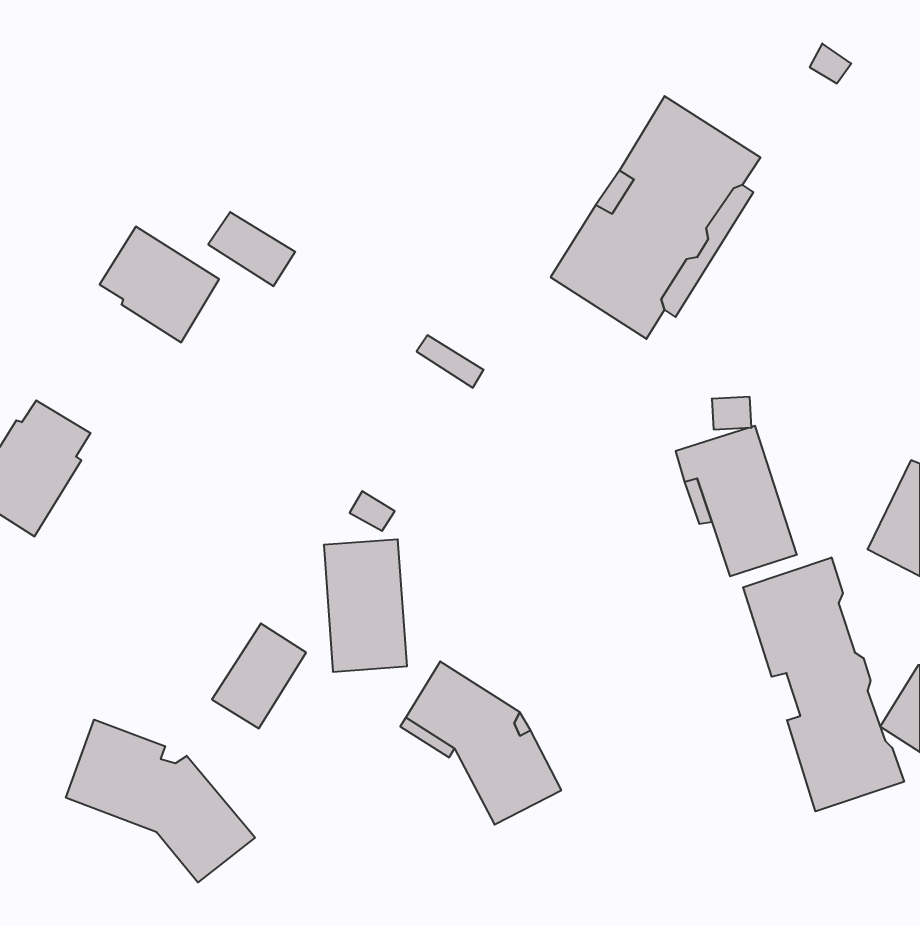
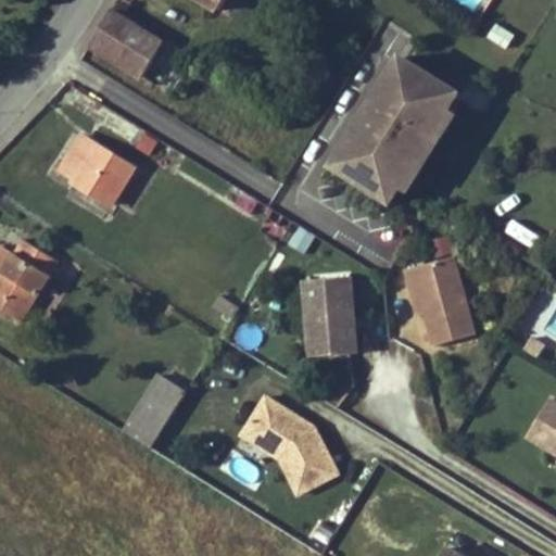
building: none -> [87,11,161,77]
building: [324,539,407,672] -> [304,276,354,355]
building: [743,557,904,811] -> none
building: [66,720,255,882] -> none

